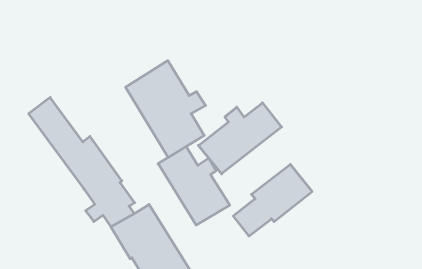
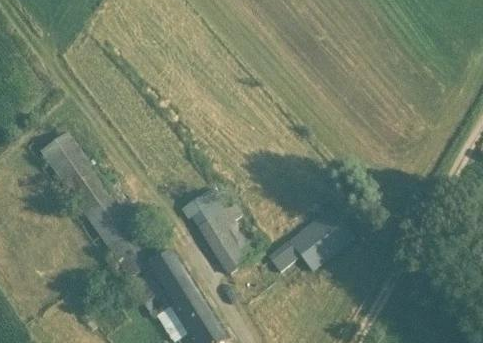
building: [126,61,206,157] -> none
building: [198,103,282,174] -> none

